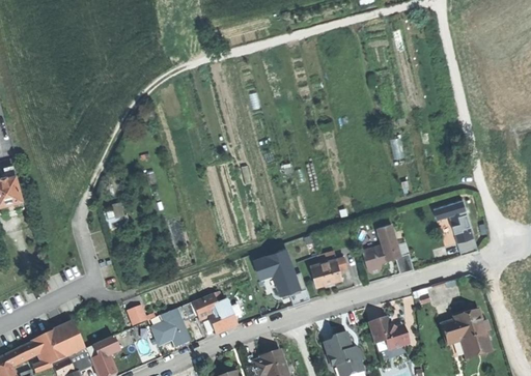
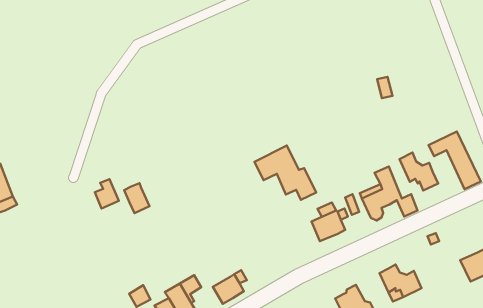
building: none -> [124,183,150,213]
building: none -> [399,152,438,191]
building: [253,249,308,302] -> [254,145,316,200]
building: [191,290,225,319] -> none

